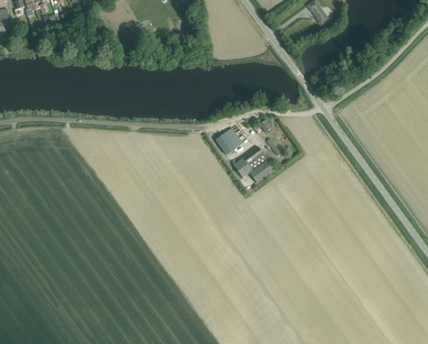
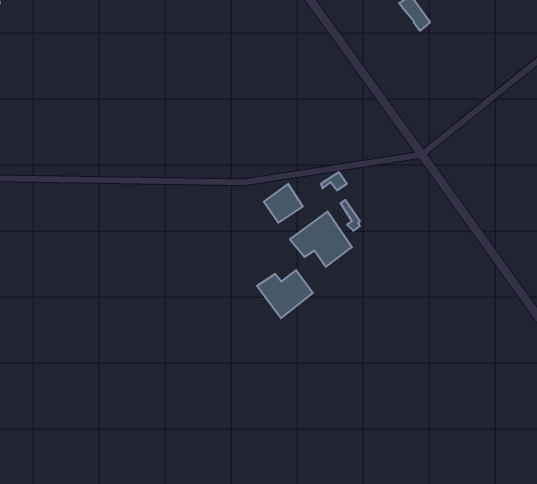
building: none -> [257,270,313,318]

